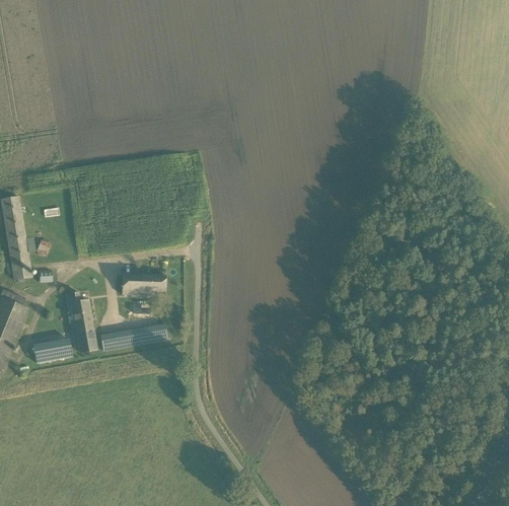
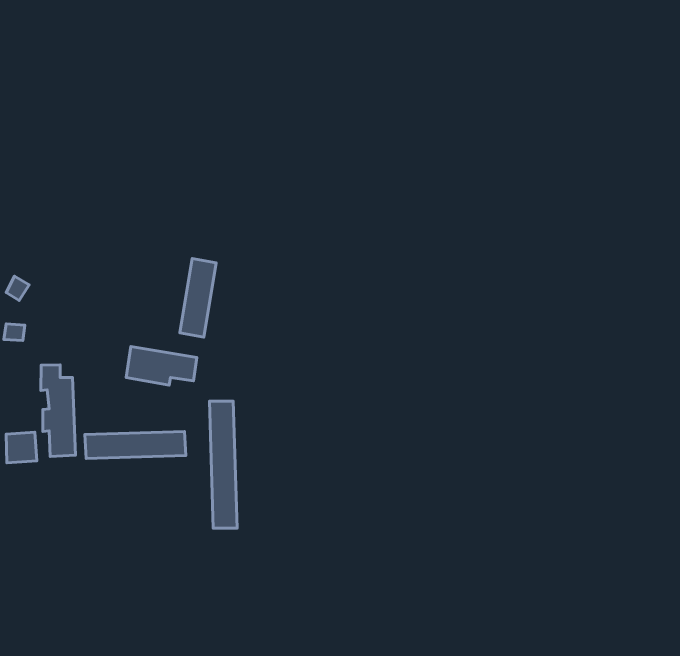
building: none -> [180,259,216,337]
building: none -> [209,401,237,528]

